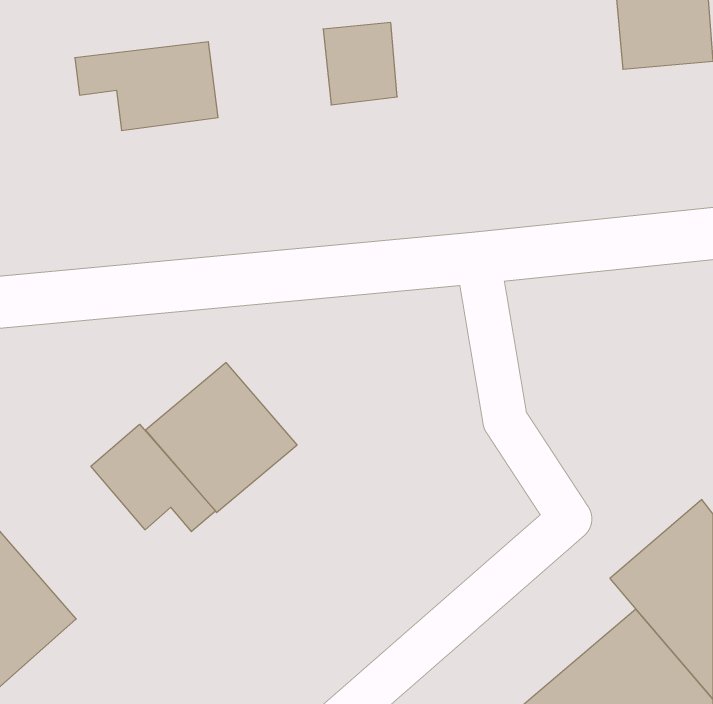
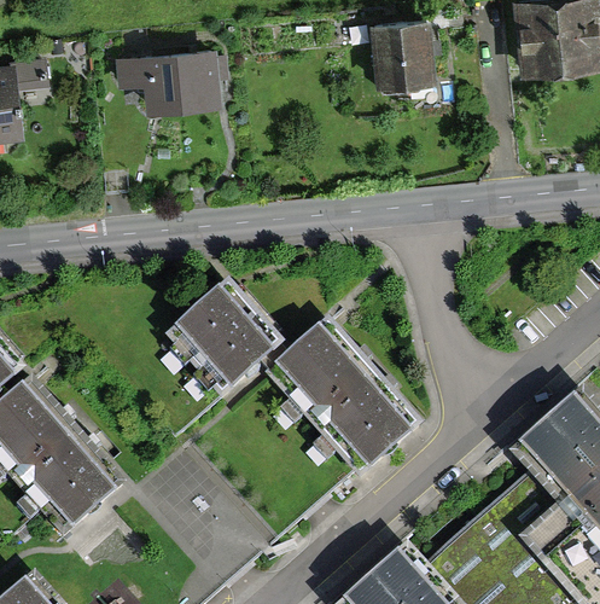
building: [323,23,397,105] -> [371,21,426,82]
building: none -> [267,323,420,478]
building: [91,424,215,532] -> none

